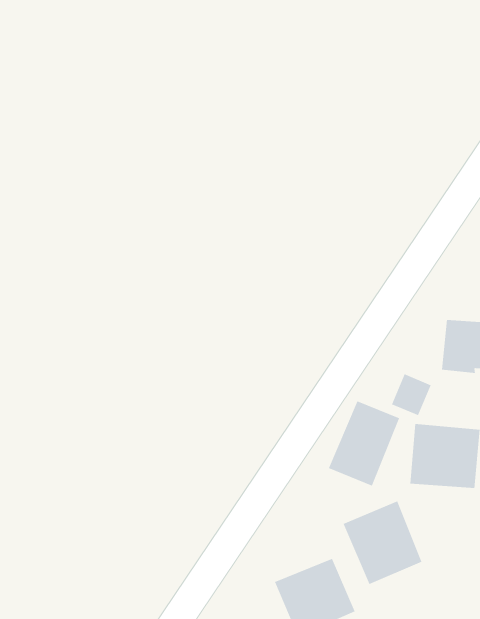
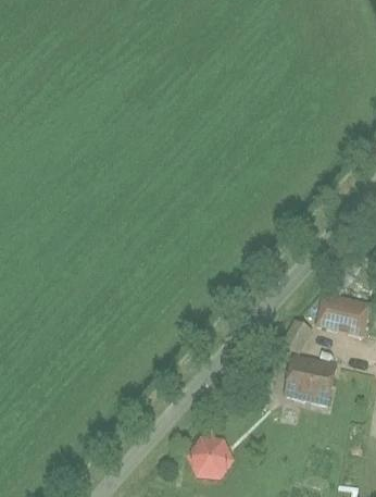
building: [328,401,400,487] -> none
building: [343,501,422,585] -> none

